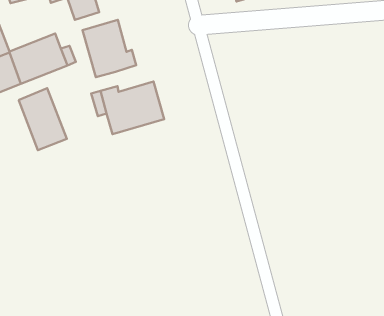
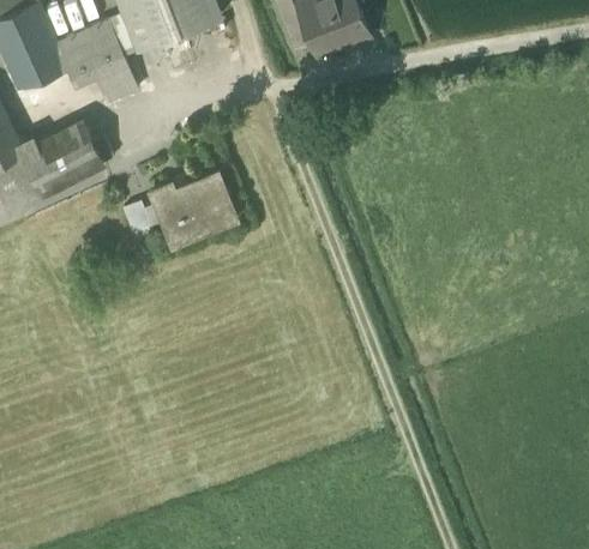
building: [82,20,136,77] -> none
building: [19,88,67,150] -> none

